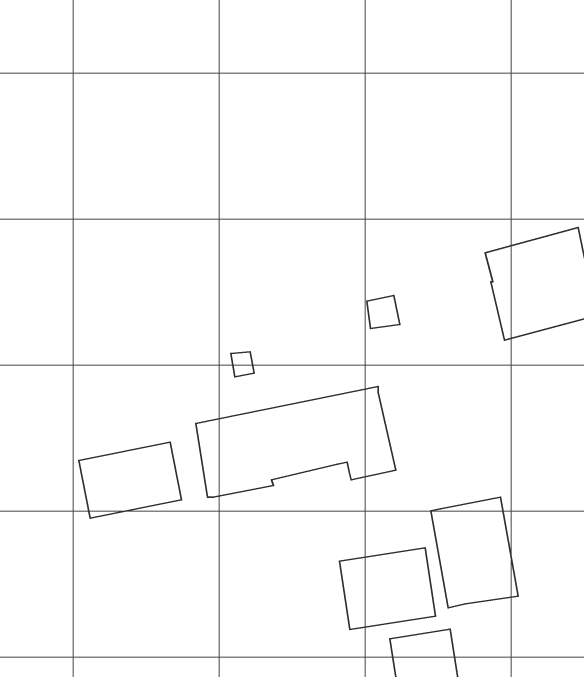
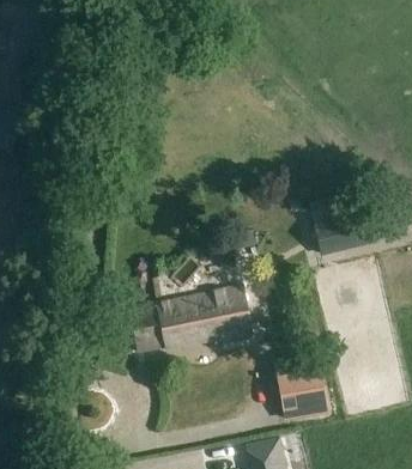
building: [79,442,181,518] -> none
building: [339,548,436,630] -> none

